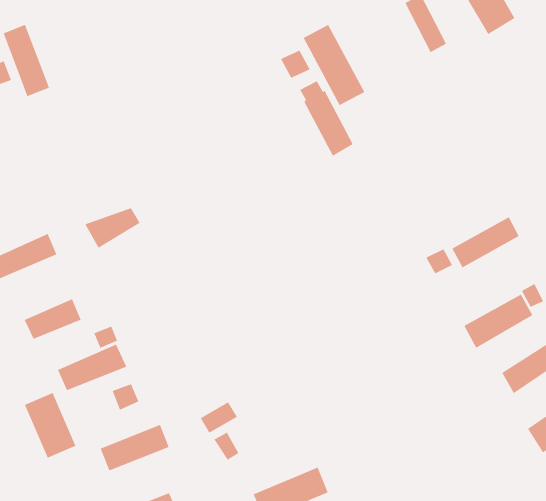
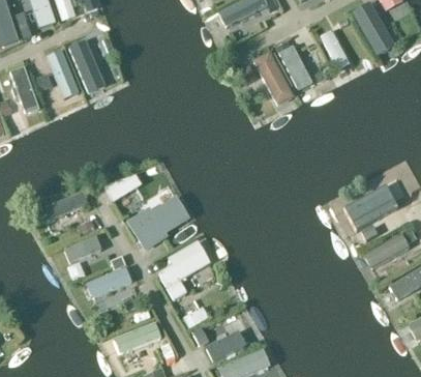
building: none -> [68,39,106,94]
building: [299,81,354,156] -> [275,38,312,90]
building: none -> [125,196,188,251]
building: none -> [157,242,210,301]
building: [24,392,76,459] -> none
building: none -> [204,331,244,362]

